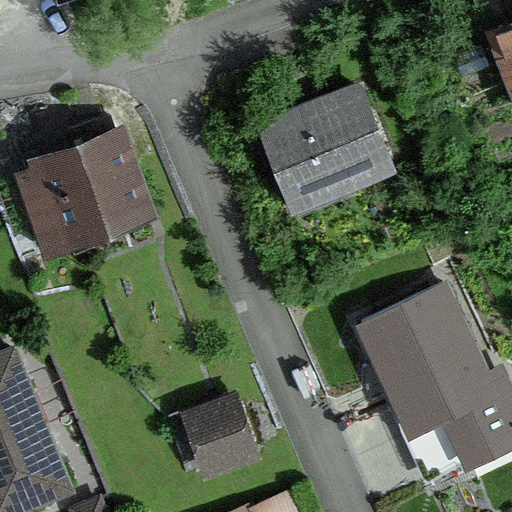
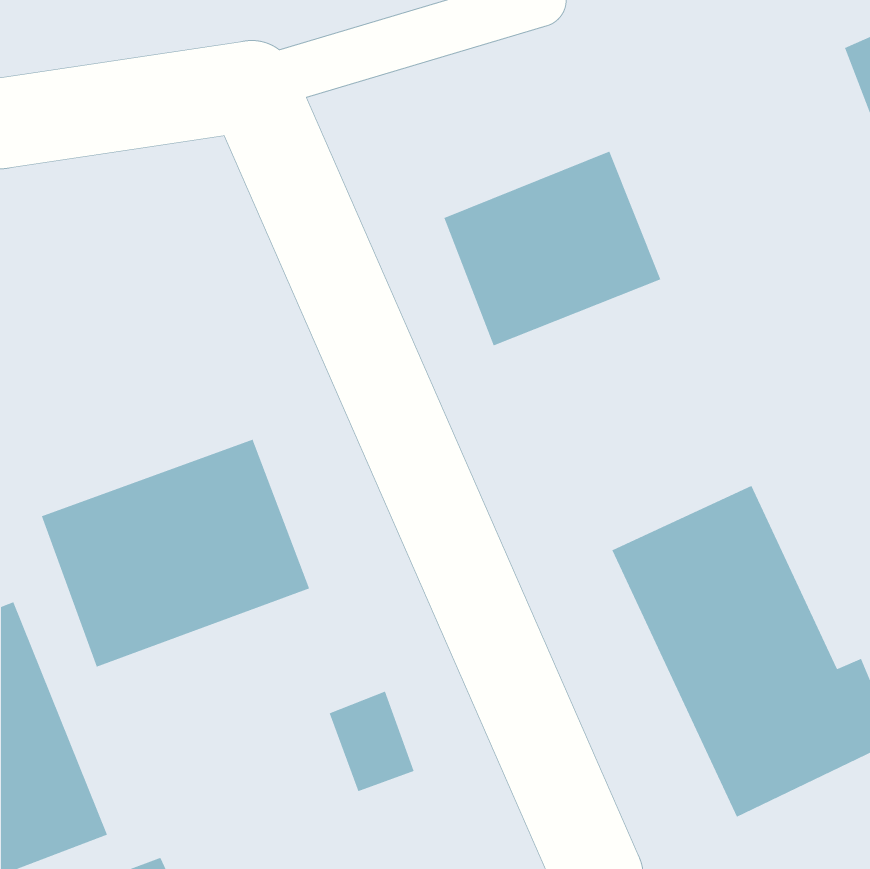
building: [20,116,144,256] -> none
building: none -> [41,439,310,667]

